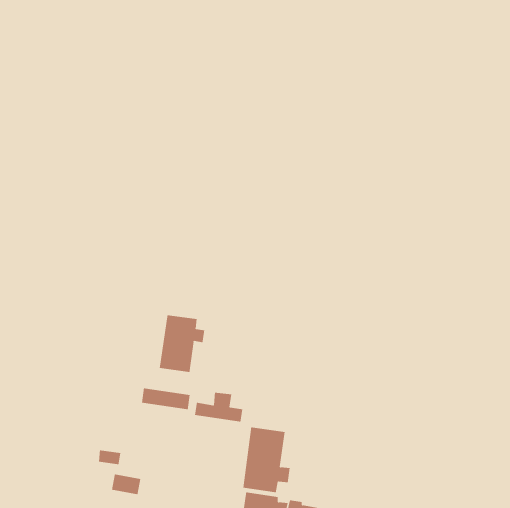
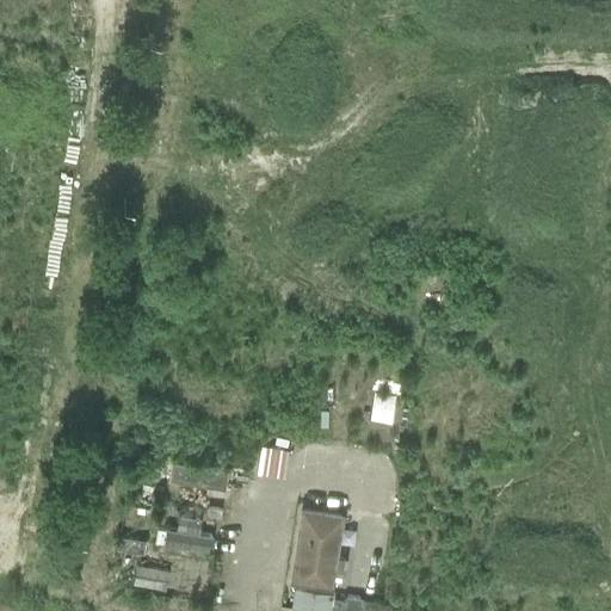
building: [159,314,205,373] -> none
building: [194,392,243,422] -> [155,519,214,555]

